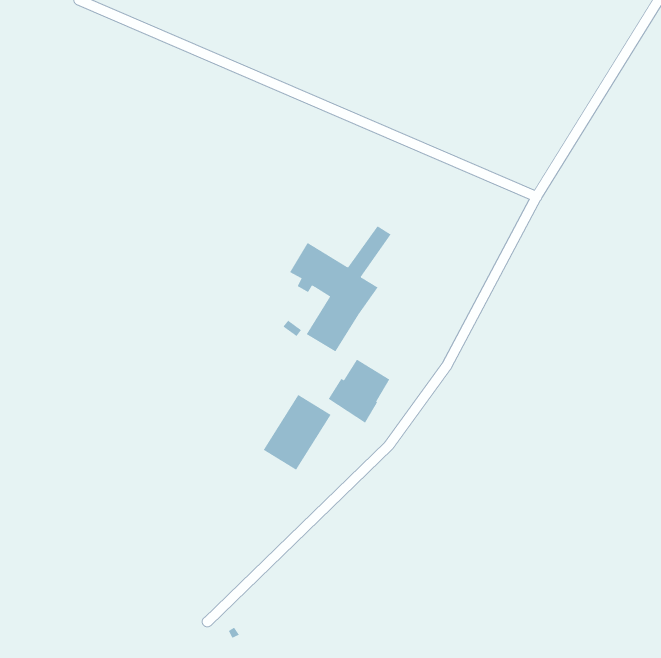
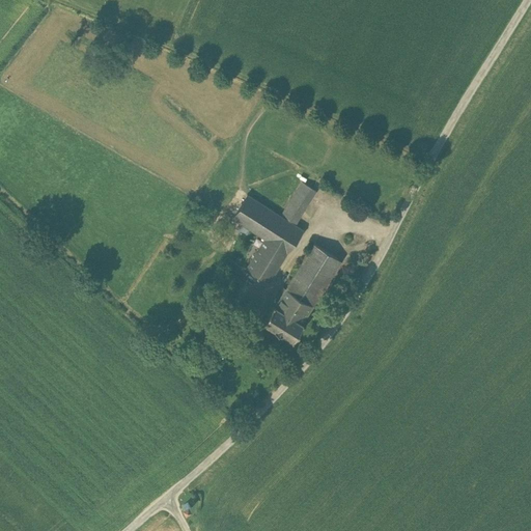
building: [263,394,332,471] -> [286,246,341,307]

